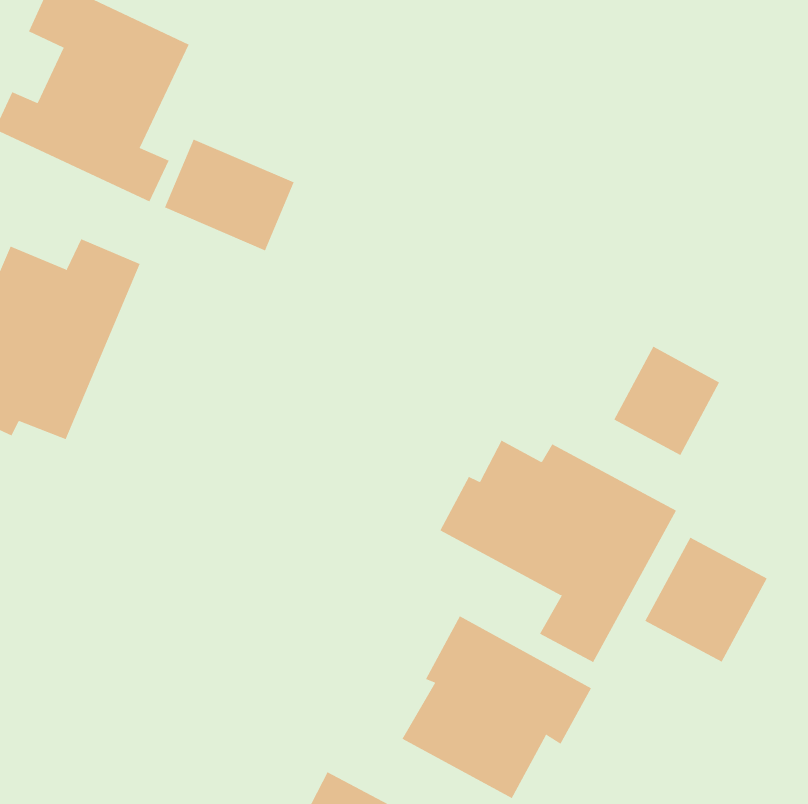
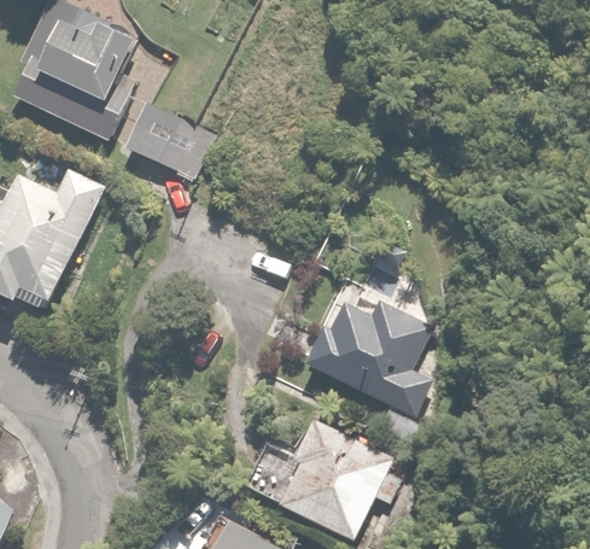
building: [614,346,720,456] -> none
building: [645,537,768,663] -> none

